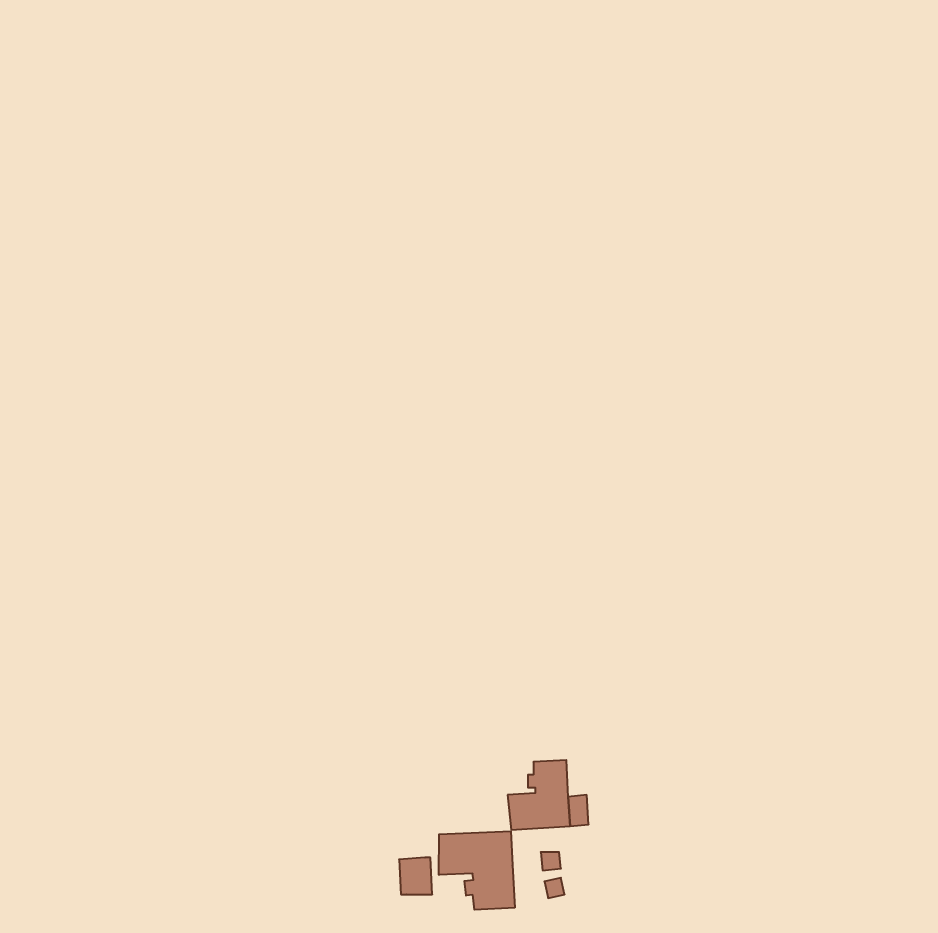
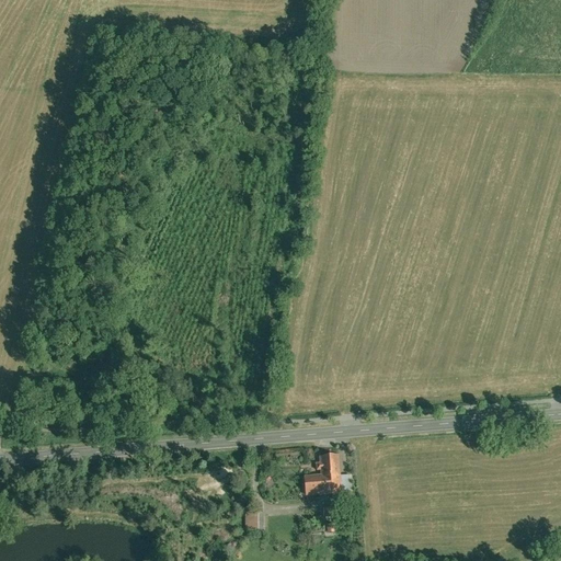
building: [439,831,515,910] -> none

